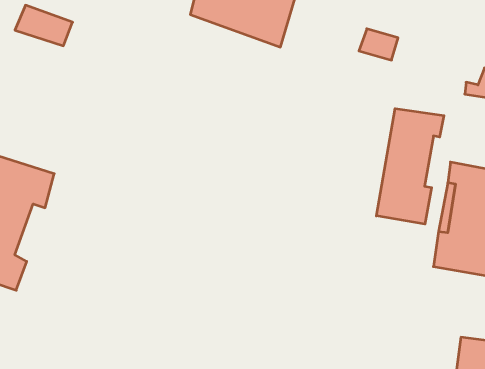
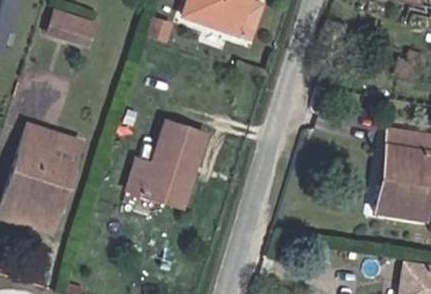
building: [376,109,444,224] -> none
building: none -> [125,120,208,205]

